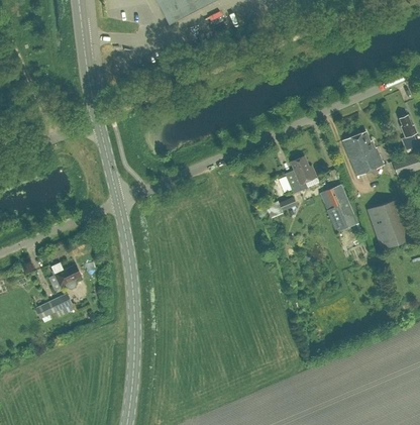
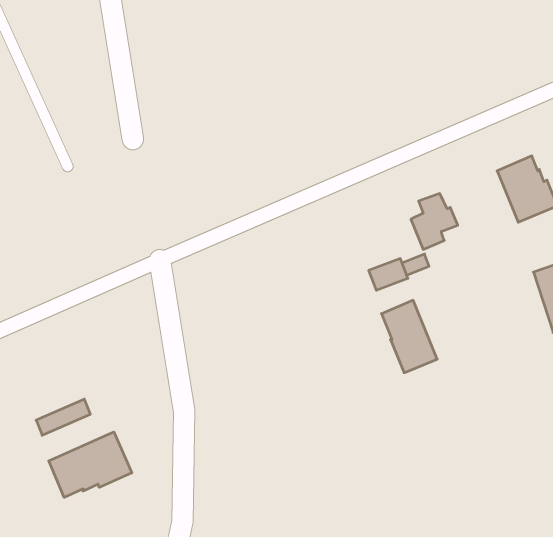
building: [320,184,357,232] -> [381,300,437,373]
building: [50,261,81,289] -> none
building: none -> [49,432,132,497]

